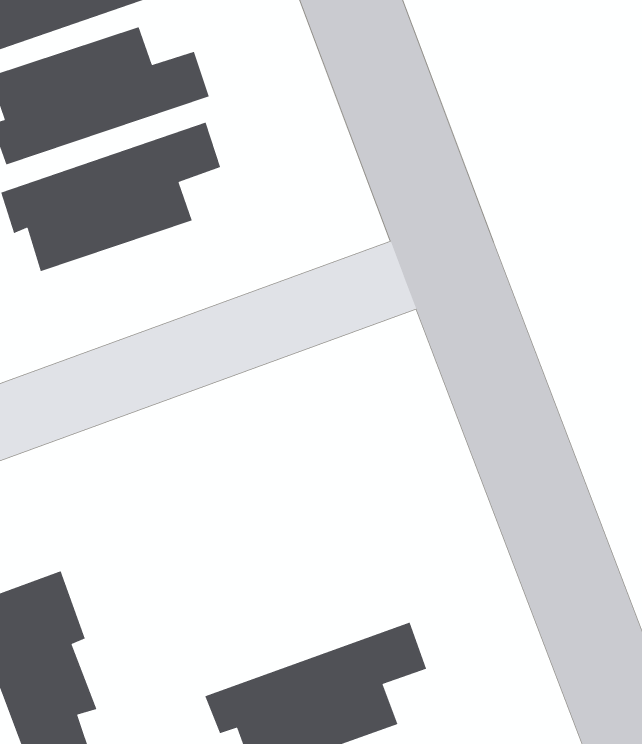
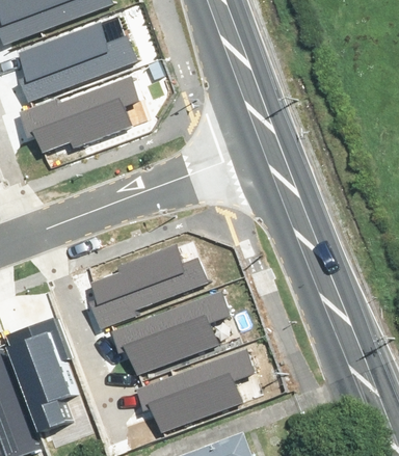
building: none -> [91,248,206,309]
building: none -> [111,290,233,374]

